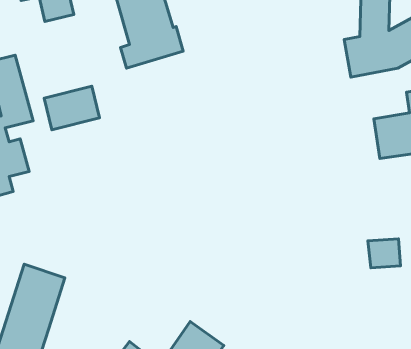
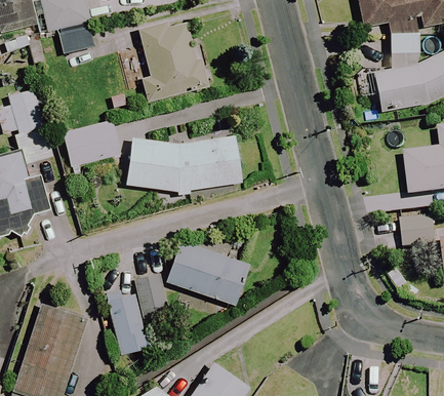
building: none -> [126,134,242,197]
building: none -> [165,240,247,305]
building: none -> [107,274,168,354]
building: [368,239,401,268] -> [400,215,434,245]

